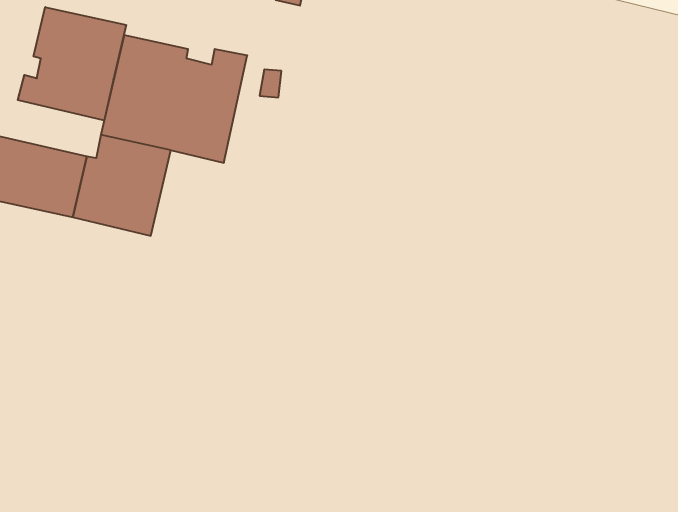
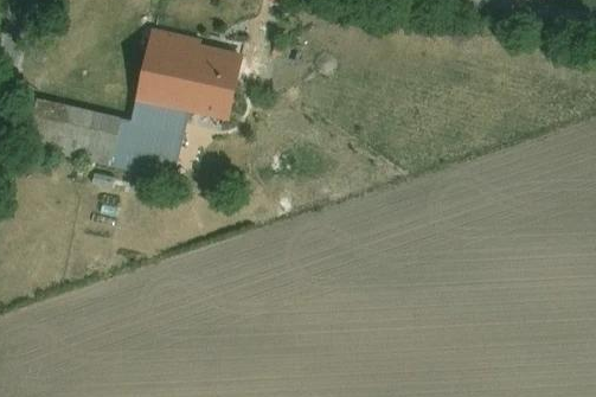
building: [18,7,126,121] -> none

